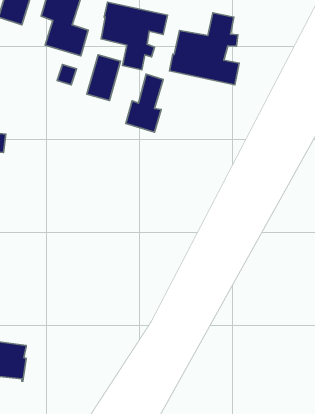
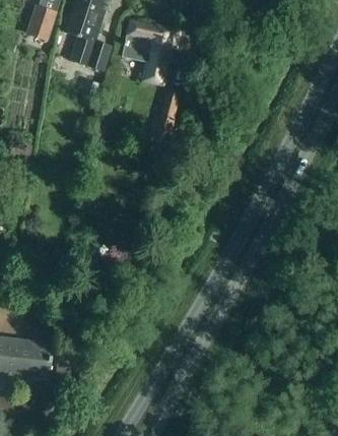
building: [169,13,239,85] -> none
building: [87,55,121,100] -> none

